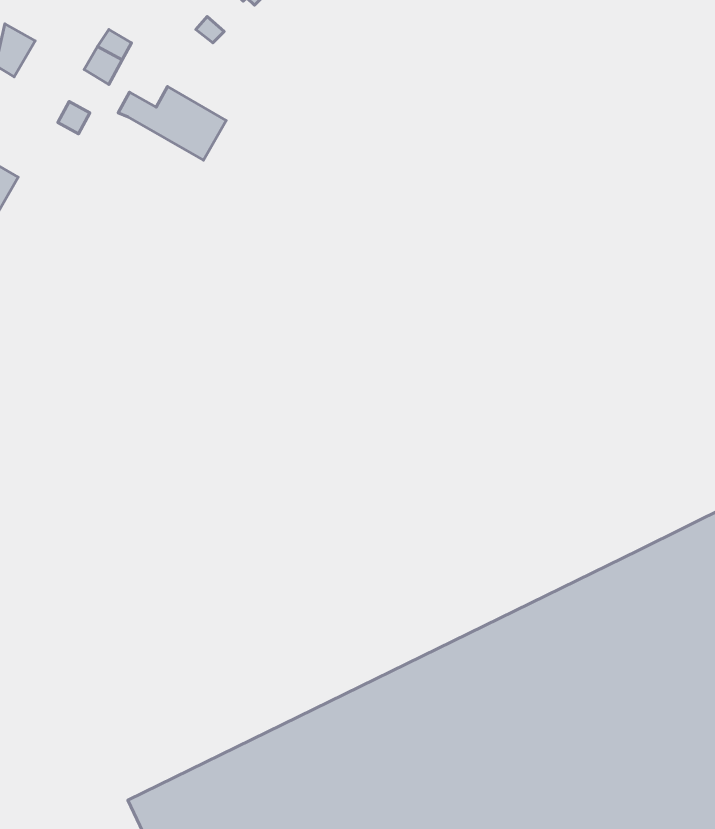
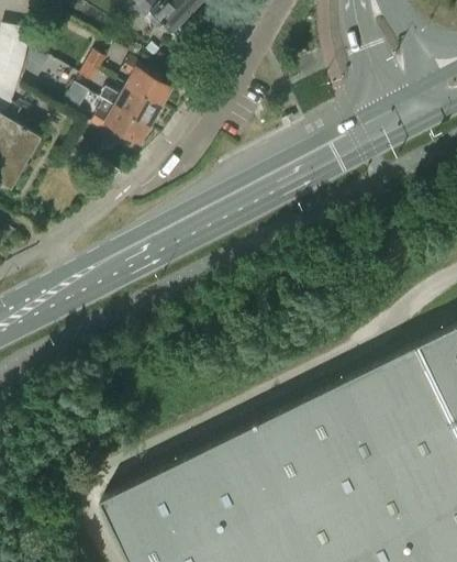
building: none -> [120,62,168,107]
building: none -> [90,104,146,146]

